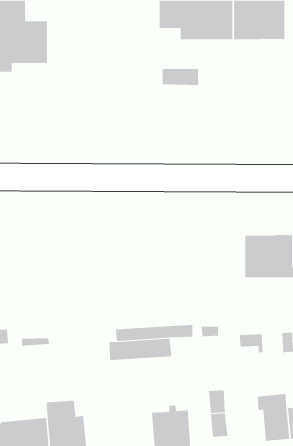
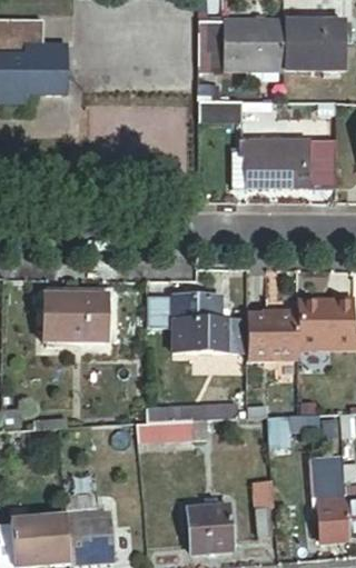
building: none -> [233,142,335,188]
building: none -> [42,293,105,338]
building: none -> [147,295,238,351]
building: none -> [246,311,296,358]
building: none -> [308,457,345,487]

